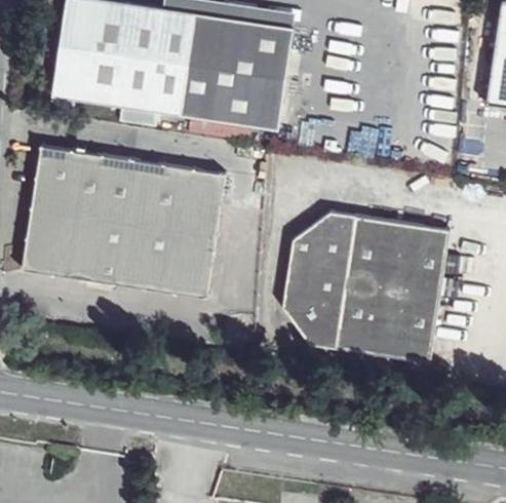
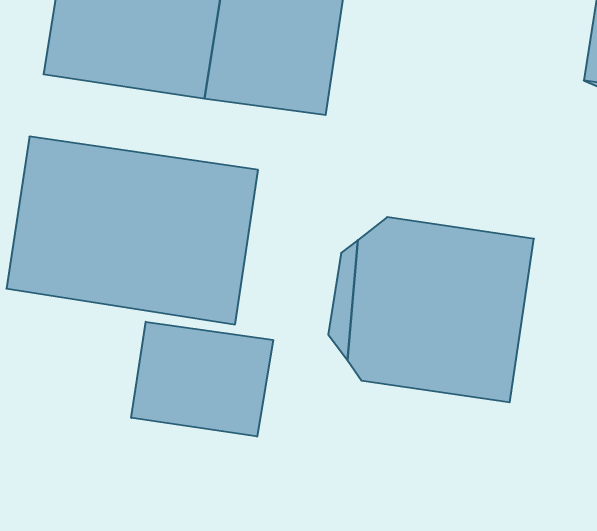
building: none -> [131,322,273,437]

